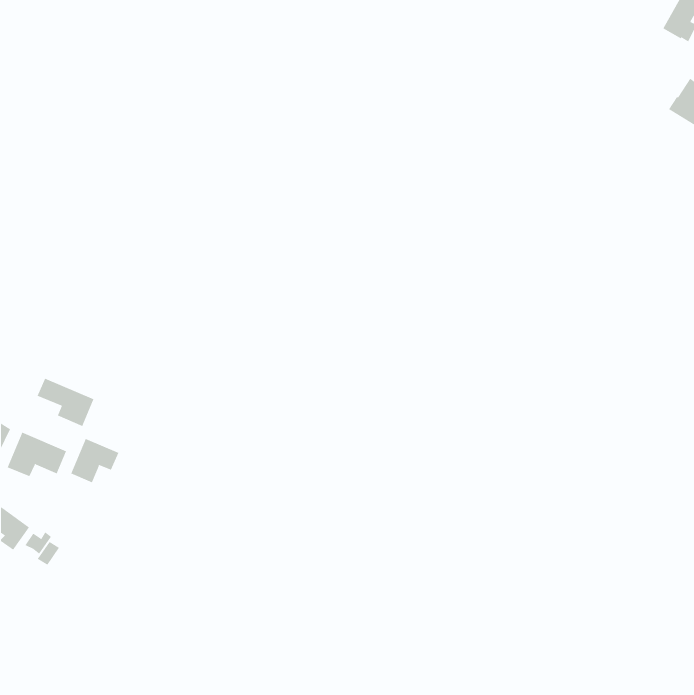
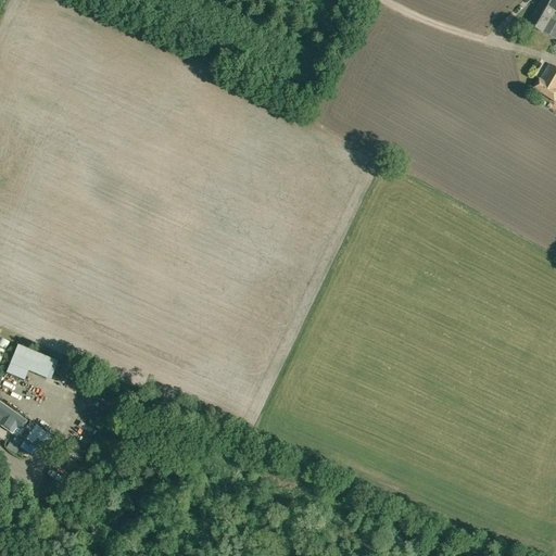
building: [37,378,94,427] -> none
building: [71,438,119,483] -> none

